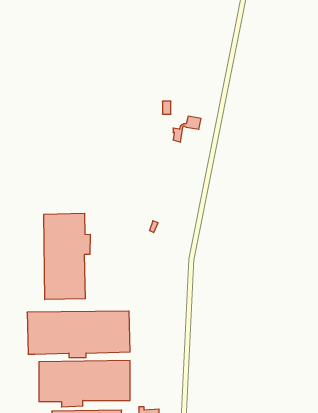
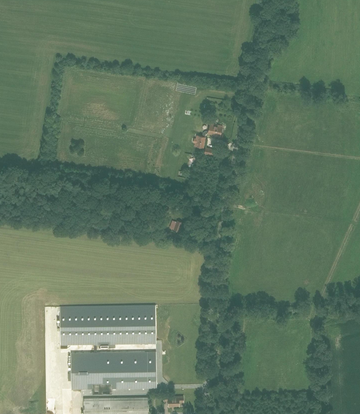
building: [44,213,90,300] -> none

